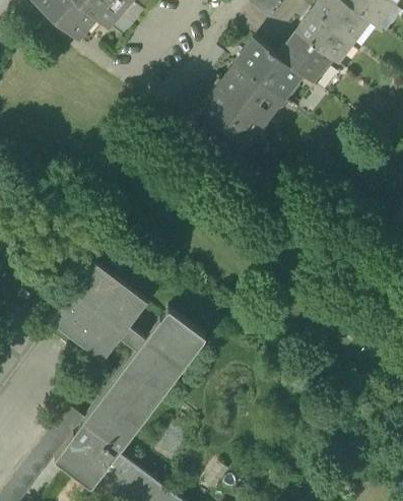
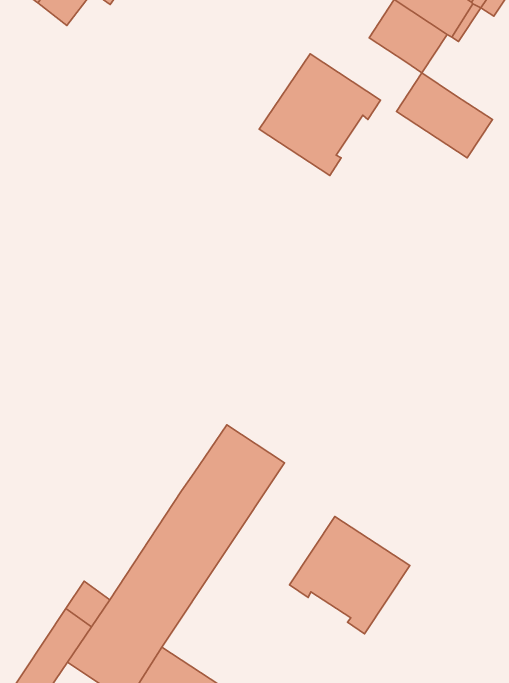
building: [239,42,301,100] -> [397,73,492,158]
building: [50,262,147,361] -> none
building: none -> [289,517,410,634]

